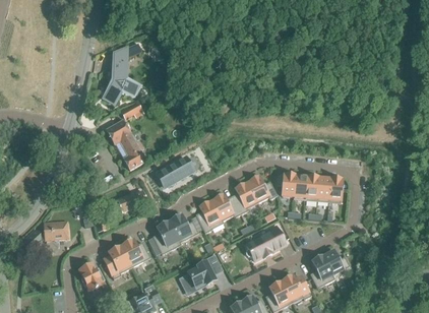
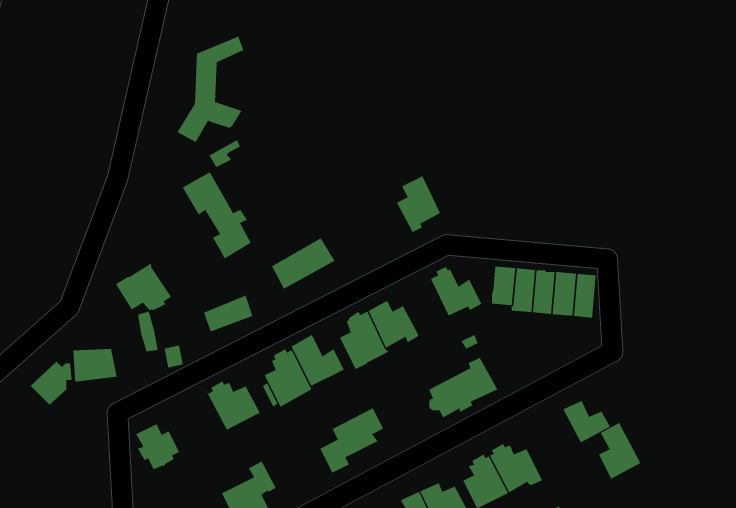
building: none -> [115,263,172,311]
building: [232,180,257,212] -> [396,176,441,233]
building: [105,243,131,277] -> none
building: [310,254,334,287] -> [598,422,641,479]

